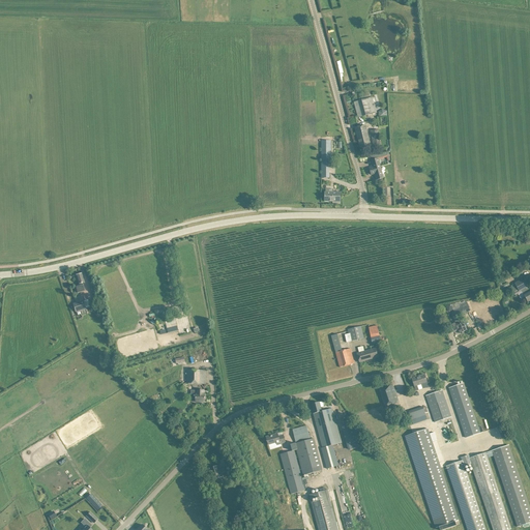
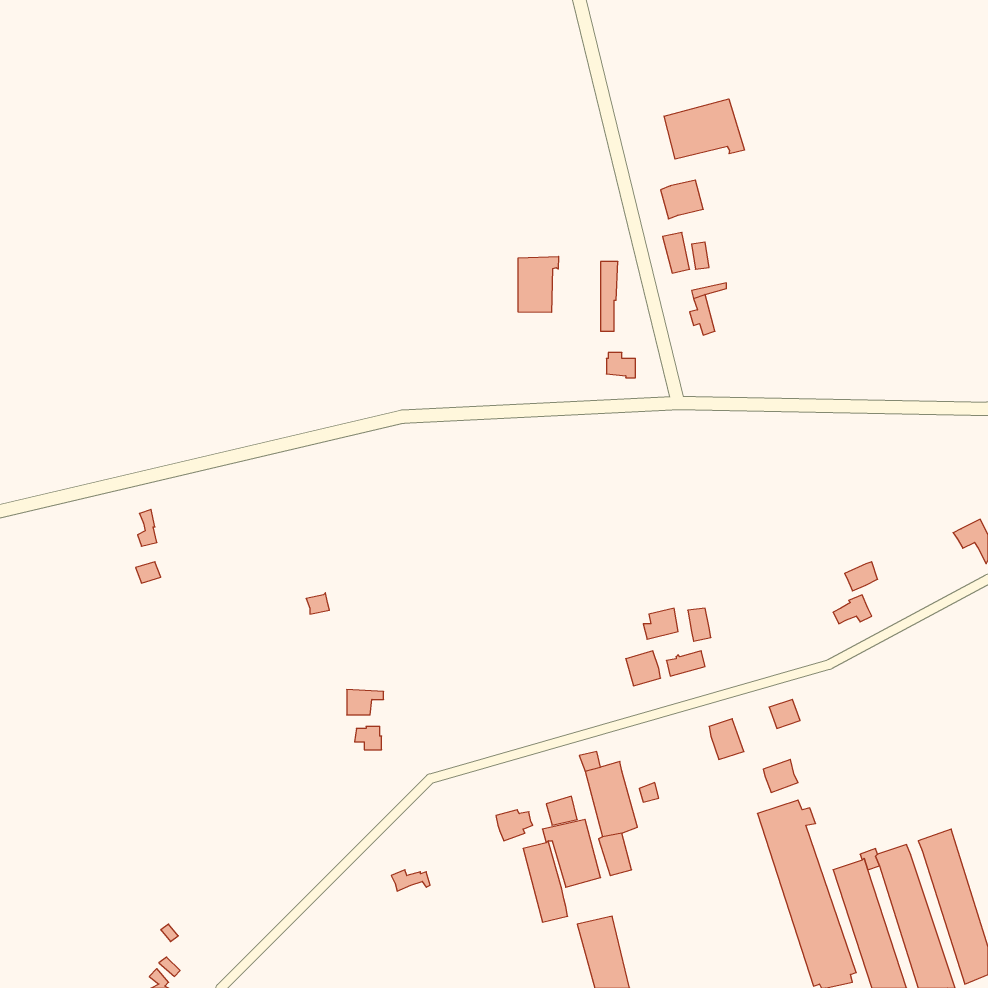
building: none -> [664,99,744,159]
building: none -> [518,256,559,312]
building: [448,382,479,437] -> none
building: [424,389,450,422] -> none

